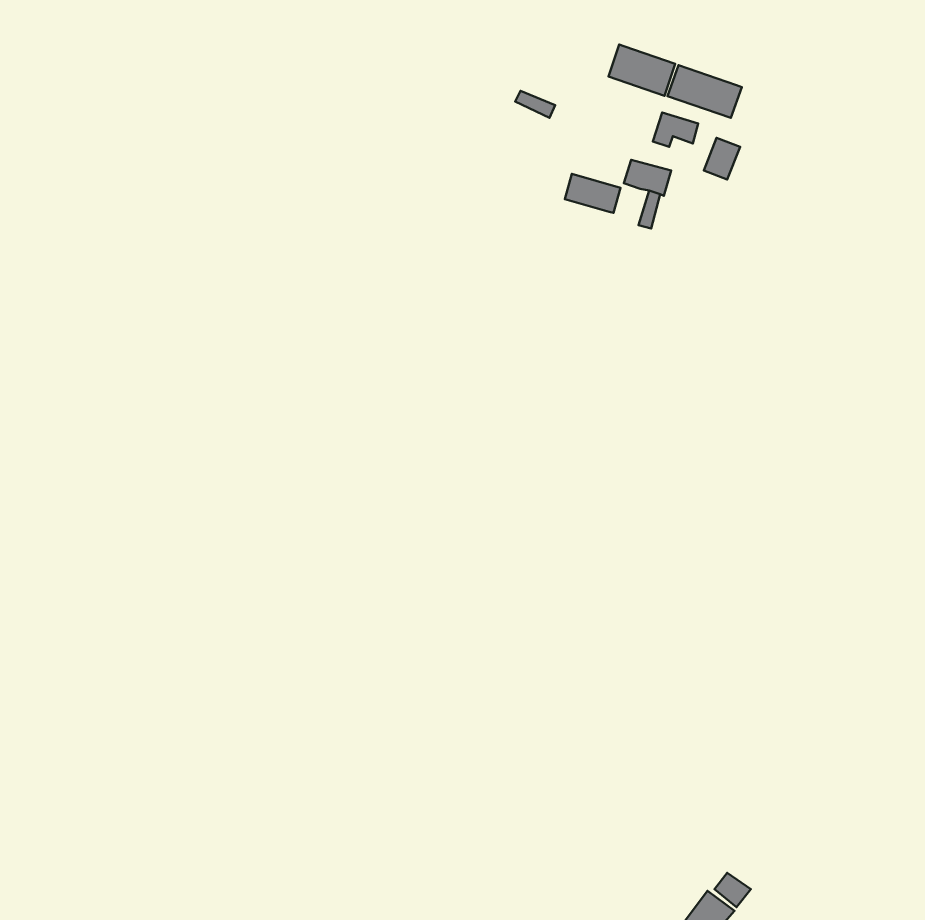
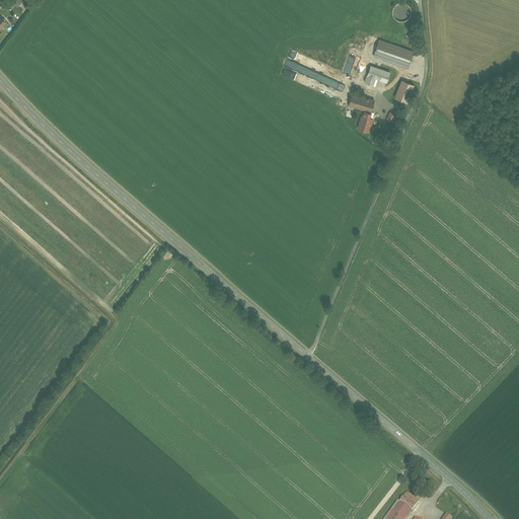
building: [608,45,675,96] -> none
building: [565,174,620,213] -> none

